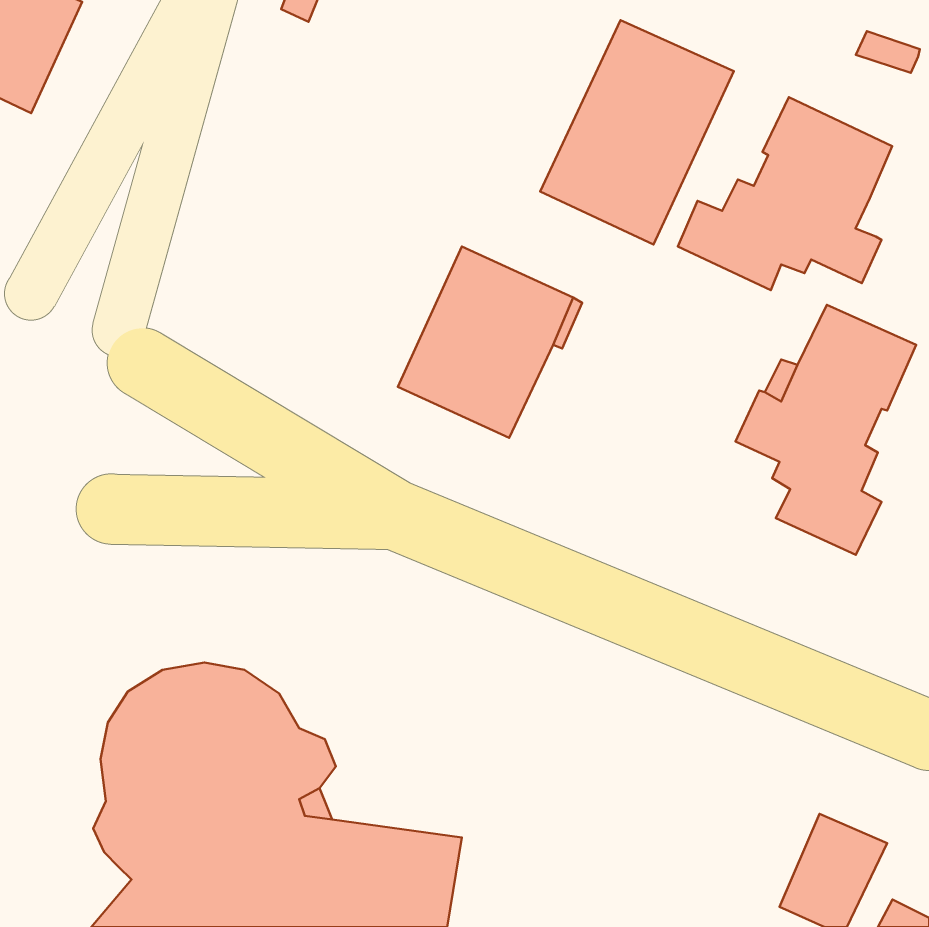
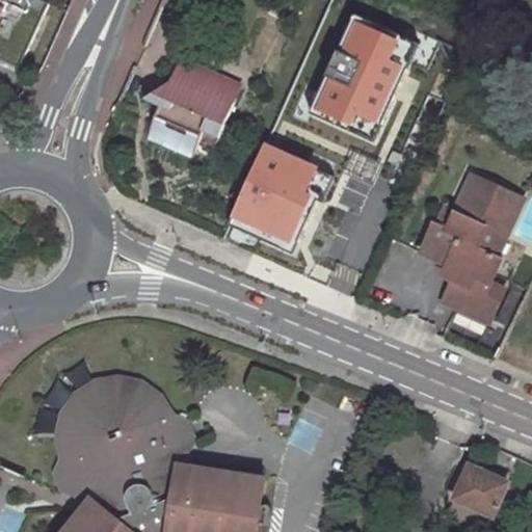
building: [678,97,892,290] -> none
building: none -> [143,57,239,155]

